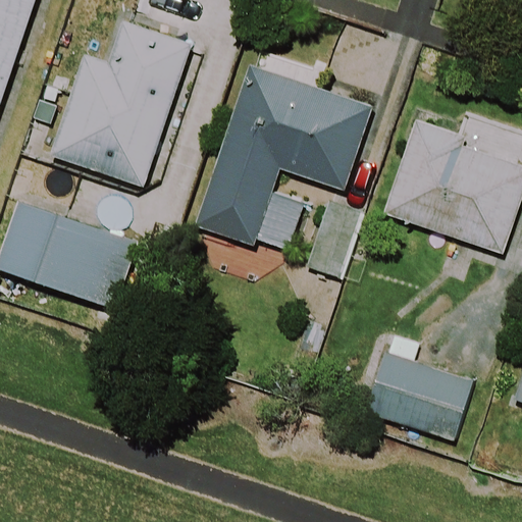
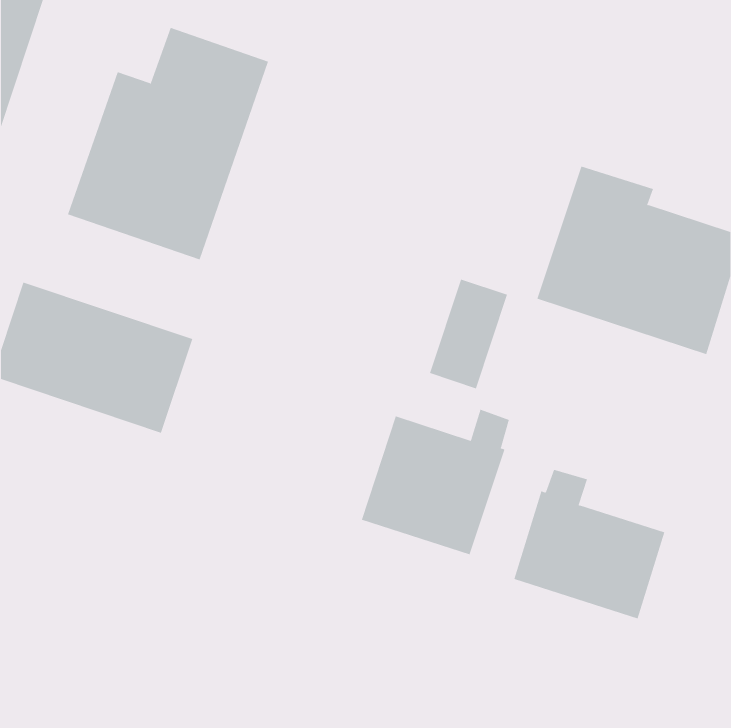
building: [195,64,373,249] -> none
building: none -> [361,409,510,555]

